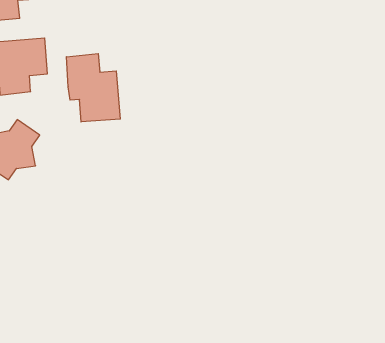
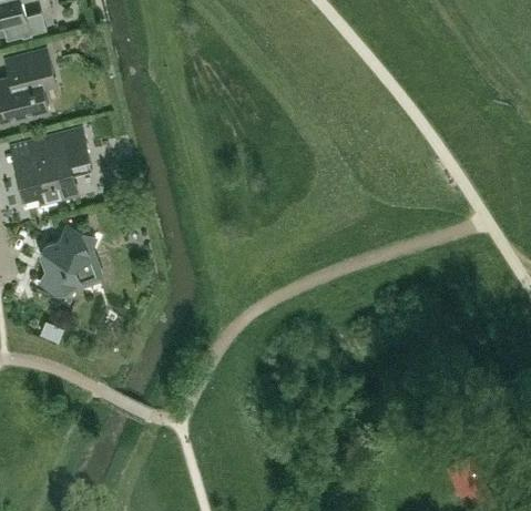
building: [66,54,120,122] -> none

